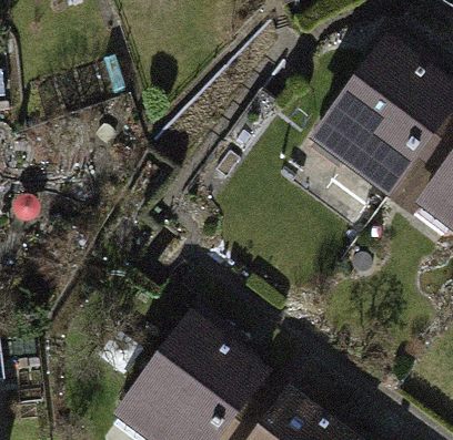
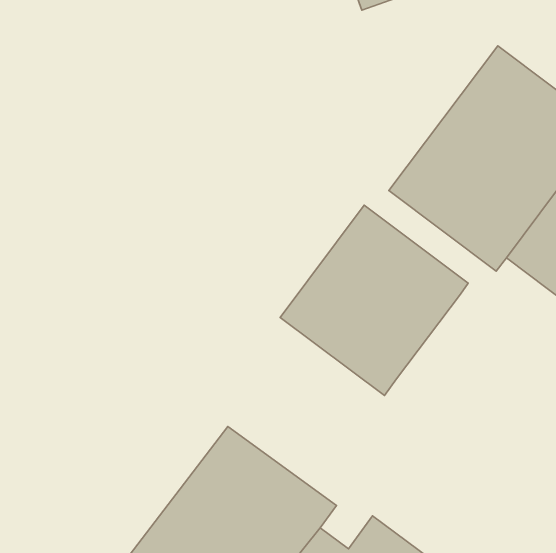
building: none -> [280,205,468,396]

